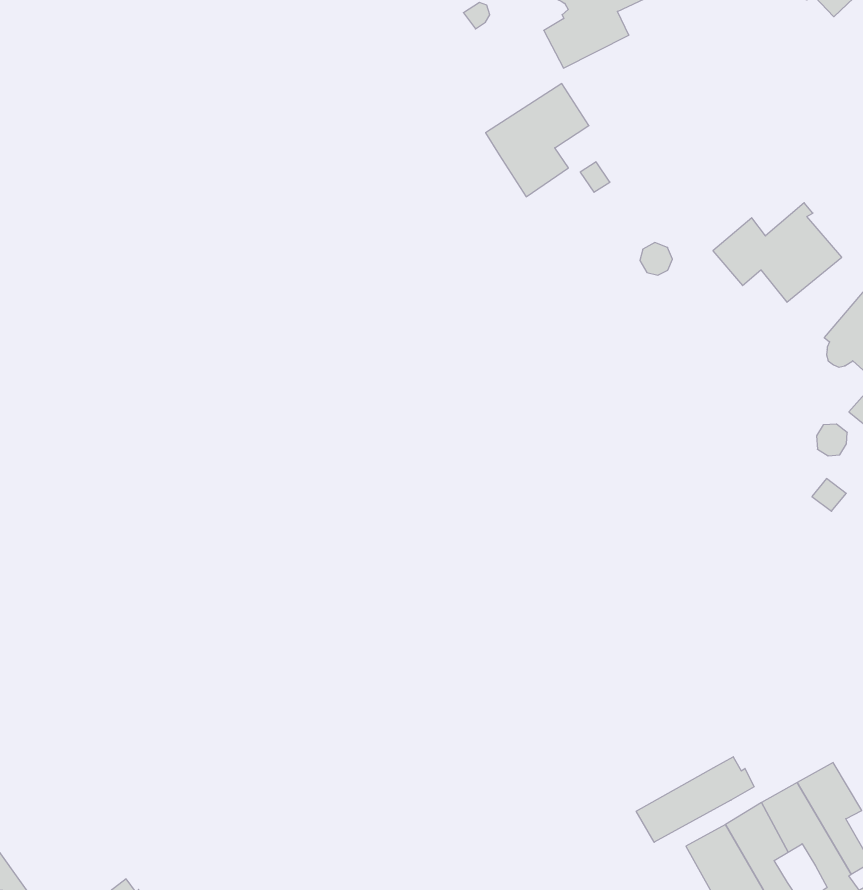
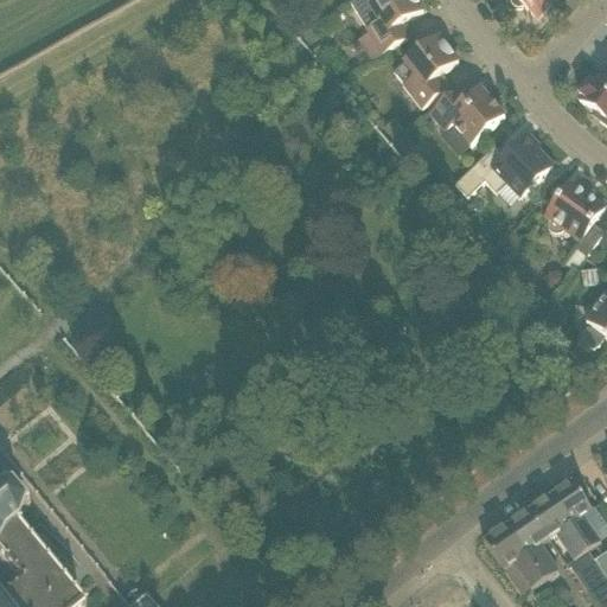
building: [486,84,589,197] -> [395,32,459,104]
building: none -> [430,82,505,141]
building: [636,757,754,842] -> none

